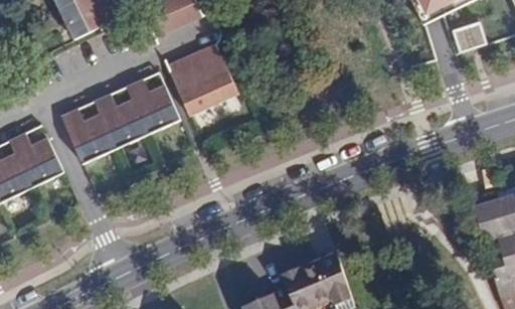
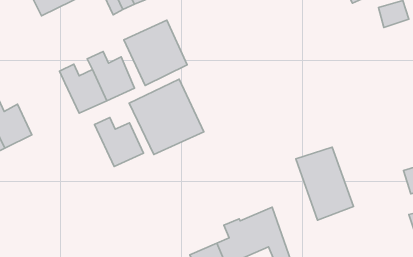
building: [61,107,117,162] -> [94,117,144,167]
building: none -> [129,79,204,154]
building: none -> [296,147,354,220]

